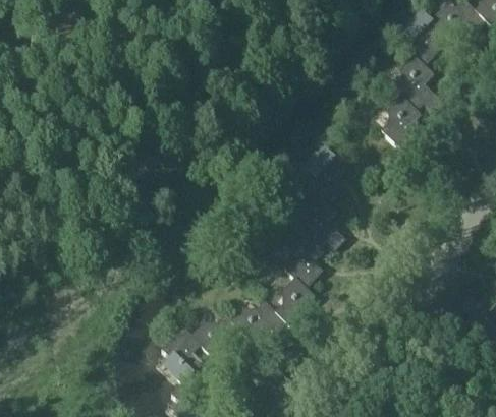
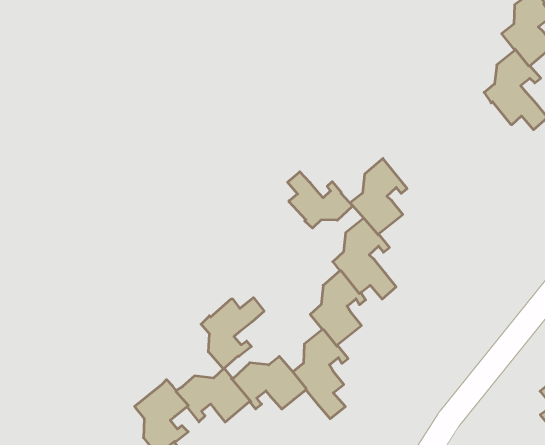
building: [382,93,431,151] -> none
building: none -> [288,172,353,228]
building: none -> [201,298,264,370]

